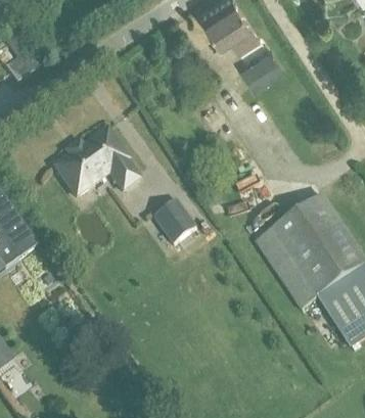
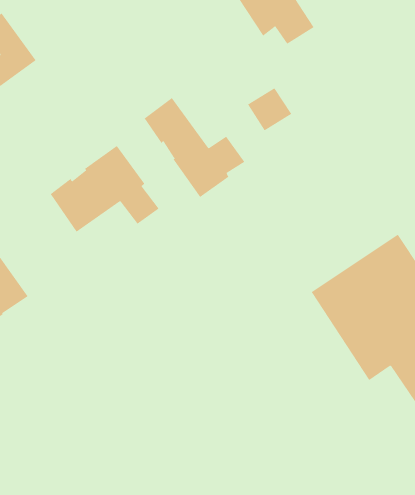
building: [245,49,280,83] -> [247,87,292,131]
building: none -> [144,97,245,198]
building: [152,197,194,240] -> none

